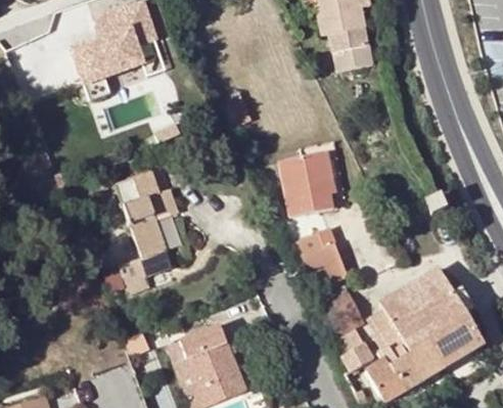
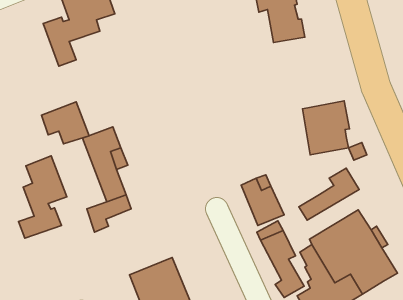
building: none -> [41,102,89,144]
building: [279,151,334,215] -> [302,101,350,155]
building: none -> [19,156,67,238]
building: none -> [299,168,359,220]

